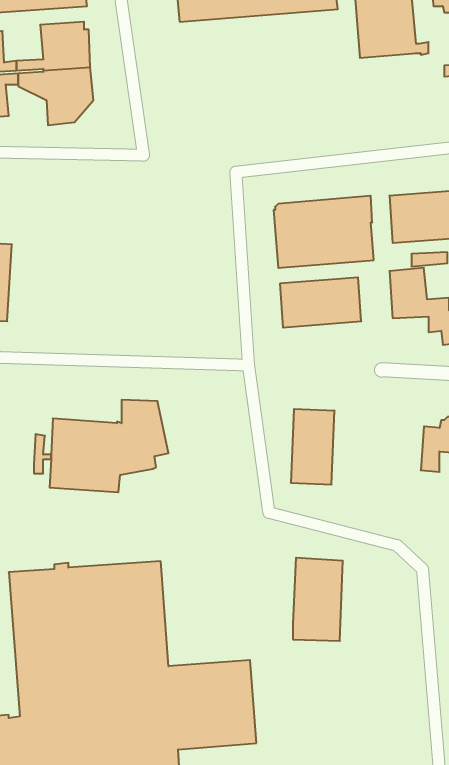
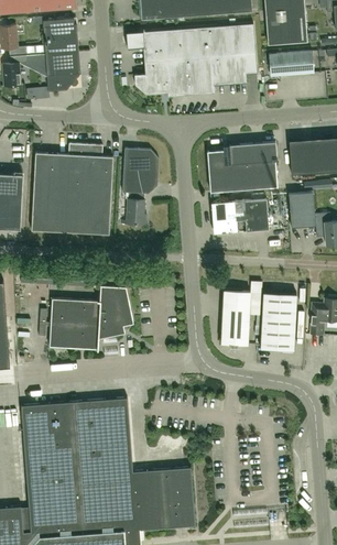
building: none -> [127,25,257,98]
building: none -> [269,52,314,77]
building: none -> [32,144,113,236]
building: none -> [121,149,159,226]
building: [293,558,343,641] -> [261,293,296,351]

